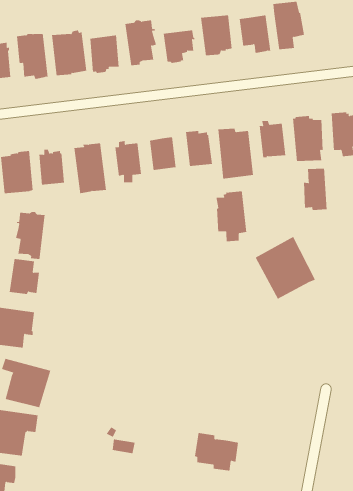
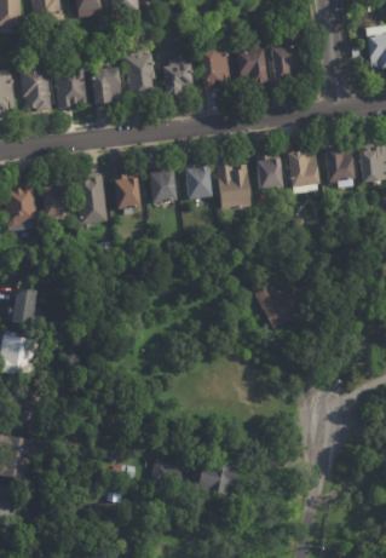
building: [303,168,327,211] -> none
building: [216,191,247,242] -> none
building: [15,211,45,260] -> none
building: none -> [152,462,183,487]

